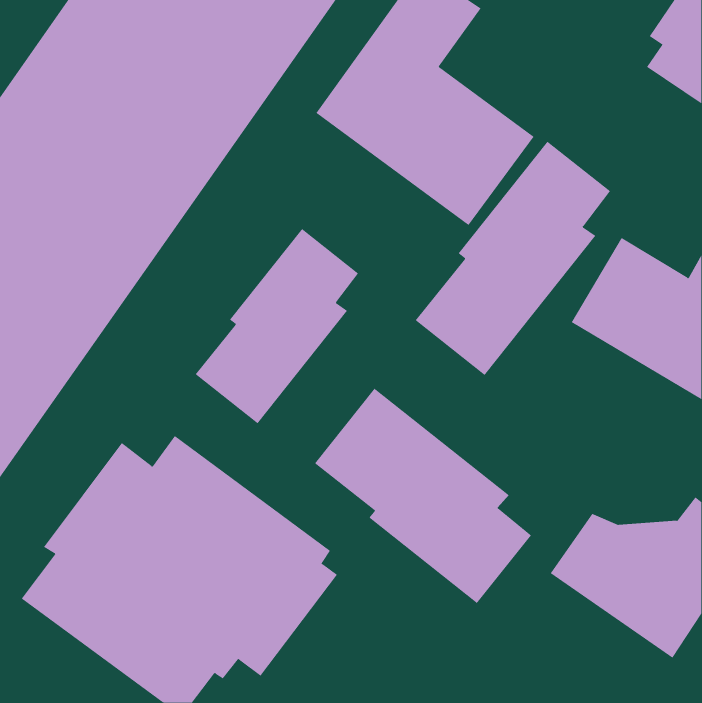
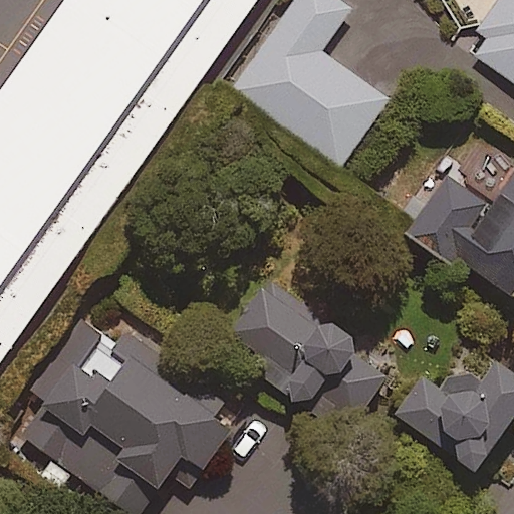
building: [415,141,611,376] -> none
building: [195,228,359,424] -> none

